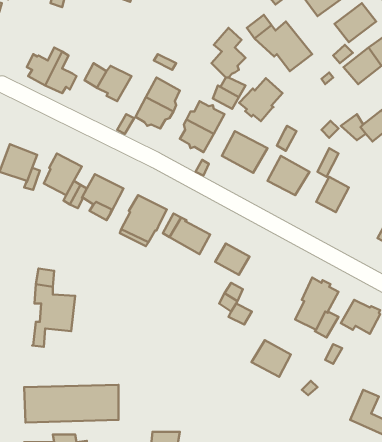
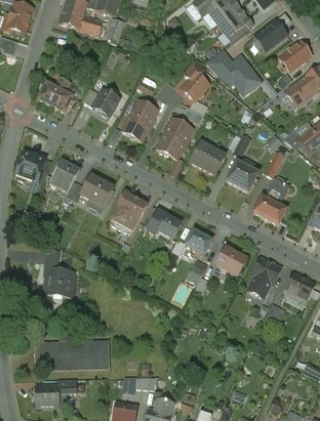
building: [239,78,283,121] -> none
building: none -> [252,196,286,224]
building: [252,340,291,377] -> [215,247,246,276]

